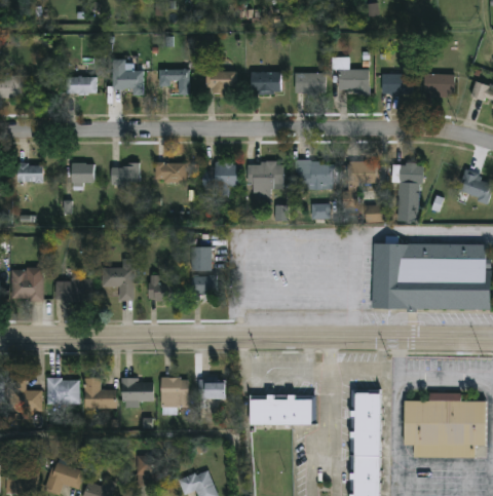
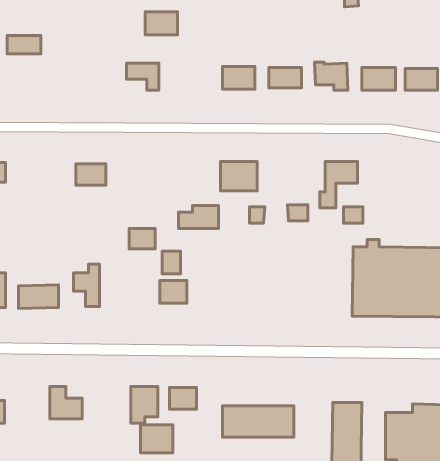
building: [113,61,143,96] -> none
building: [205,72,236,93] -> [145,12,178,35]
building: [65,78,97,96] -> [7,35,41,54]
building: [295,161,333,185] -> none
building: [71,163,93,185] -> none
building: [155,163,185,183] -> none
building: [396,164,422,223] -> none
building: [201,165,239,187] -> [178,206,218,228]
building: [149,282,174,302] -> [129,228,155,249]
building: [47,378,79,404] -> none
building: [122,378,153,405] -> [140,425,173,453]

